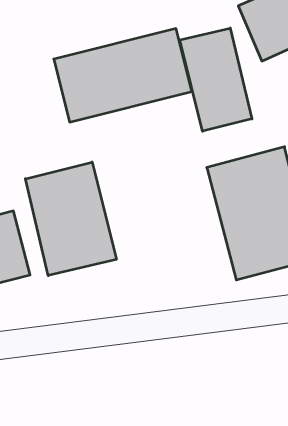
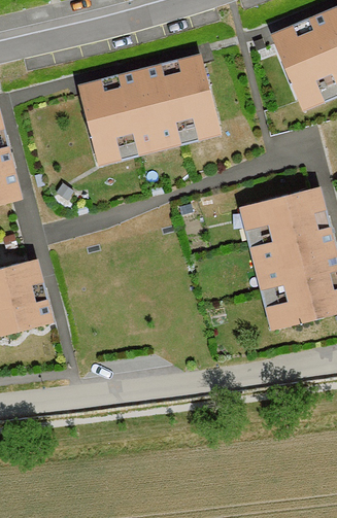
building: [180,28,252,131] -> none
building: [25,162,116,276] -> none

